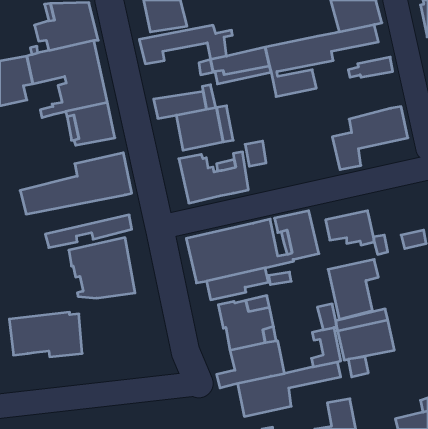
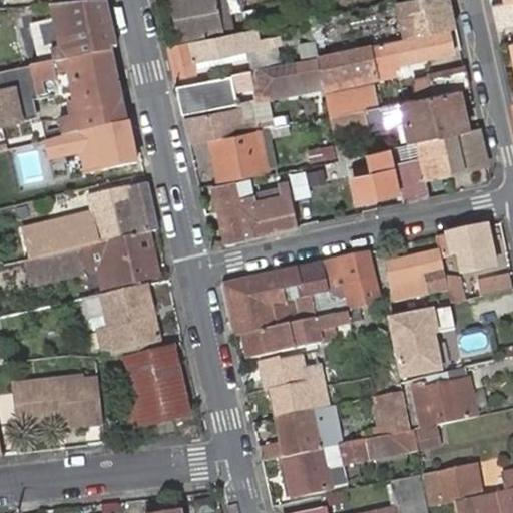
building: none -> [176,76,239,113]
building: none -> [330,89,467,143]
building: none -> [350,149,398,199]
building: none -> [435,226,494,273]
building: none -> [23,232,154,286]
building: none -> [115,347,188,428]
building: none -> [424,466,480,508]

